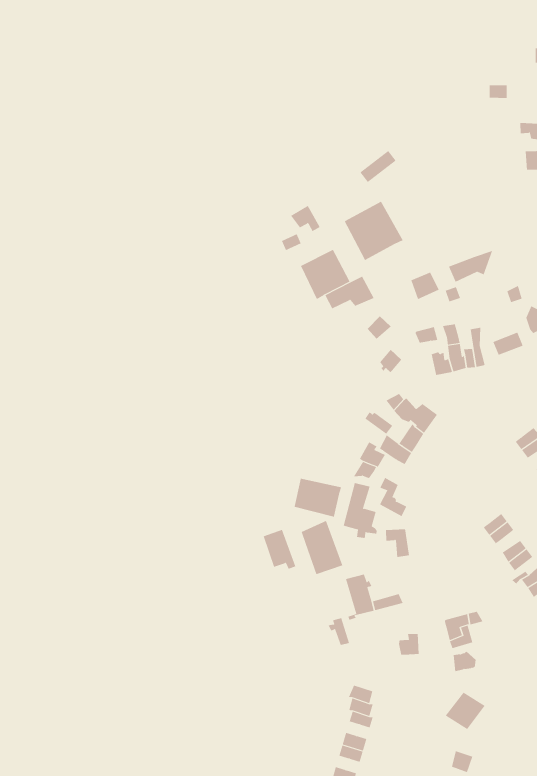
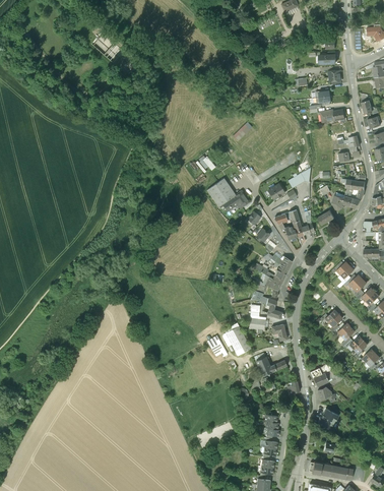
building: [343,201,404,261] -> none
building: [292,478,342,517] -> none

